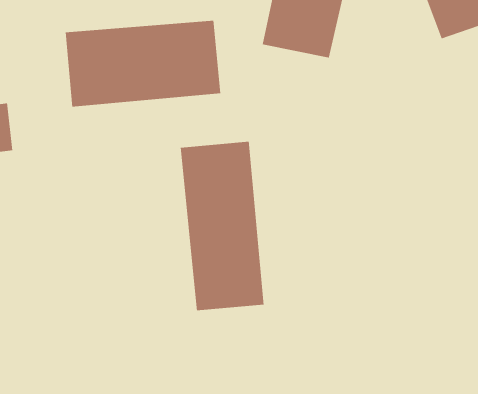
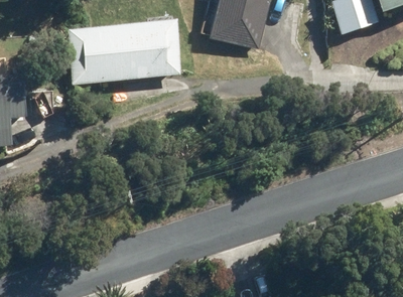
building: [180,141,264,311] -> none

